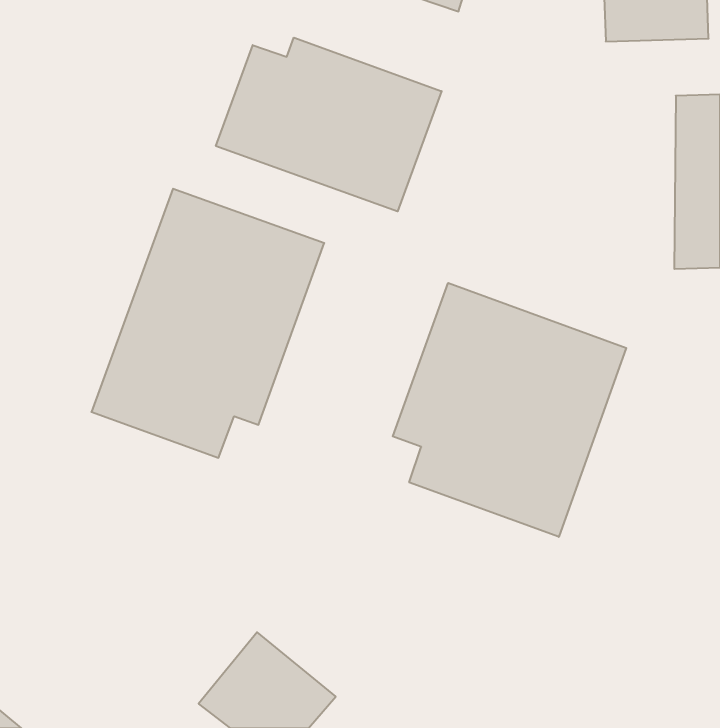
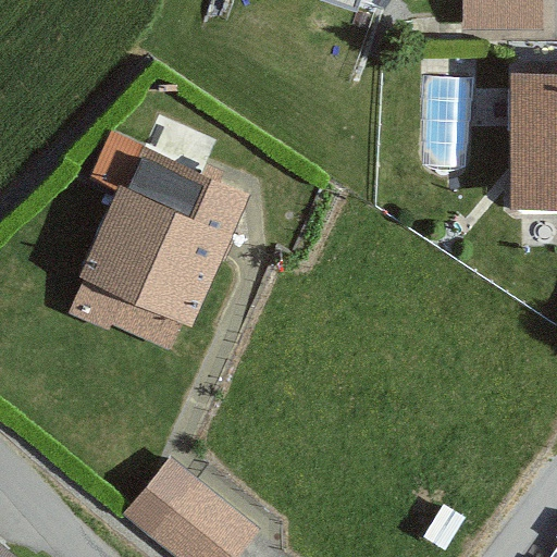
building: [216,38,442,211] -> none
building: [393,283,626,537] -> none

